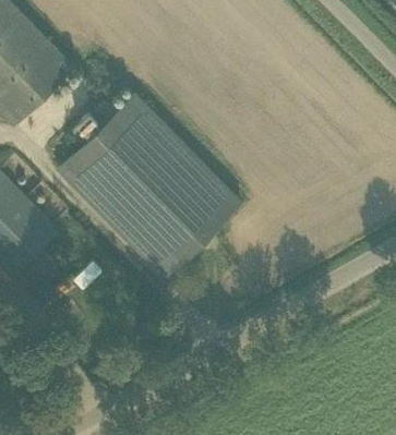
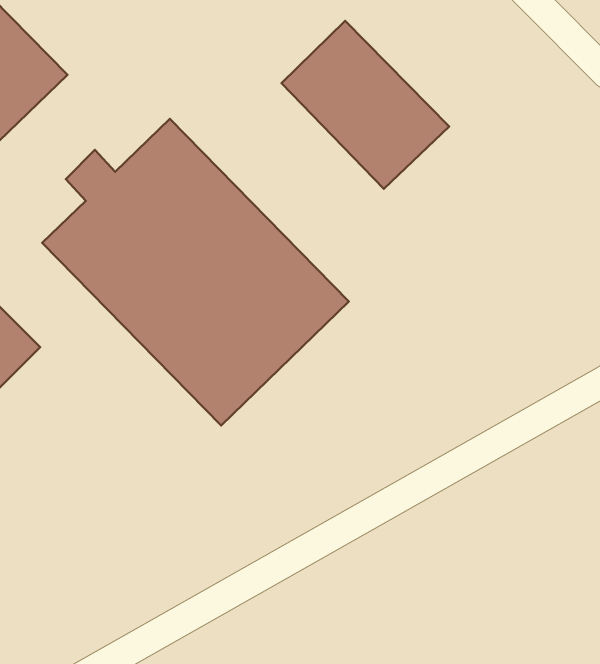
building: none -> [282,21,449,189]

